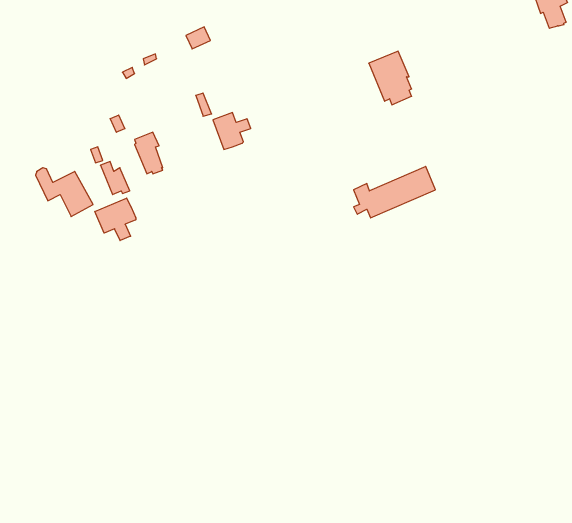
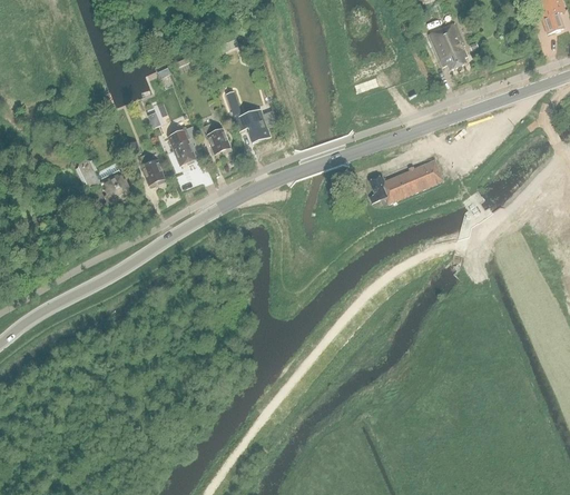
building: [369,51,412,105] -> [428,20,466,69]
building: none -> [203,122,230,152]
building: [95,198,136,241] -> none

